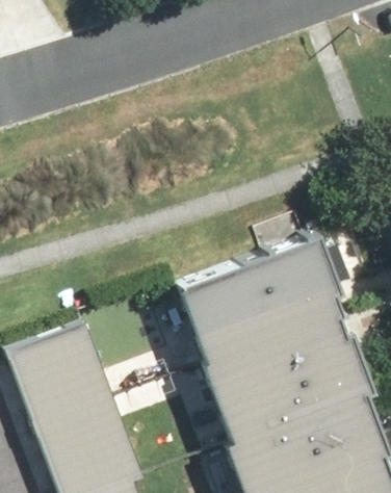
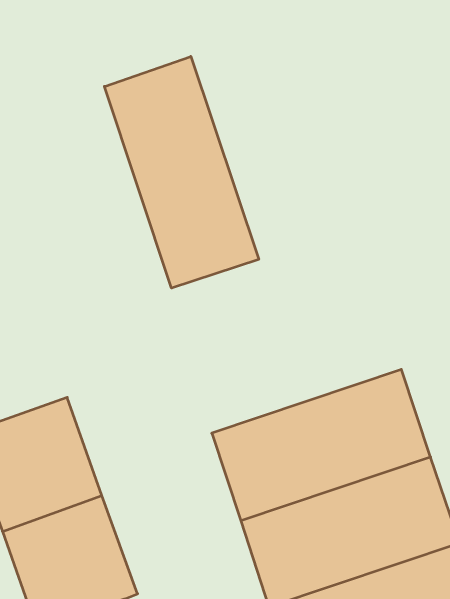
building: none -> [104,56,259,288]
building: [175,236,346,354] -> none

